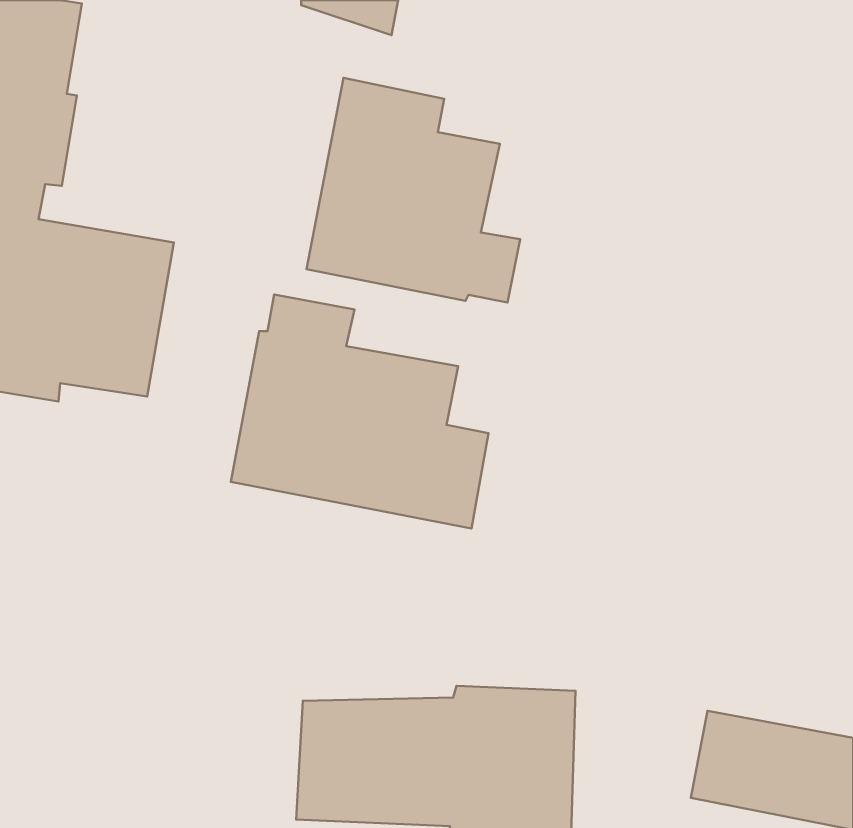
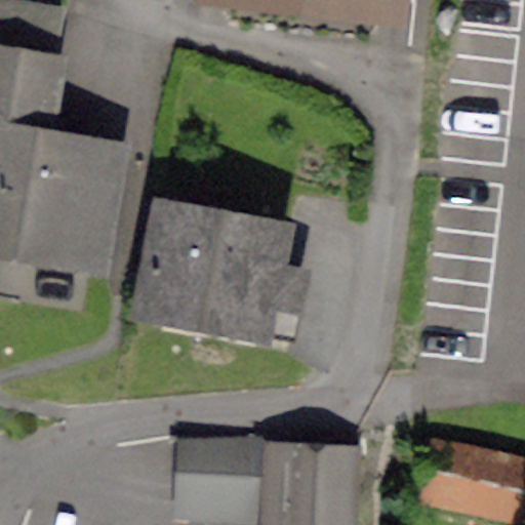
building: [306,78,520,303] -> none

